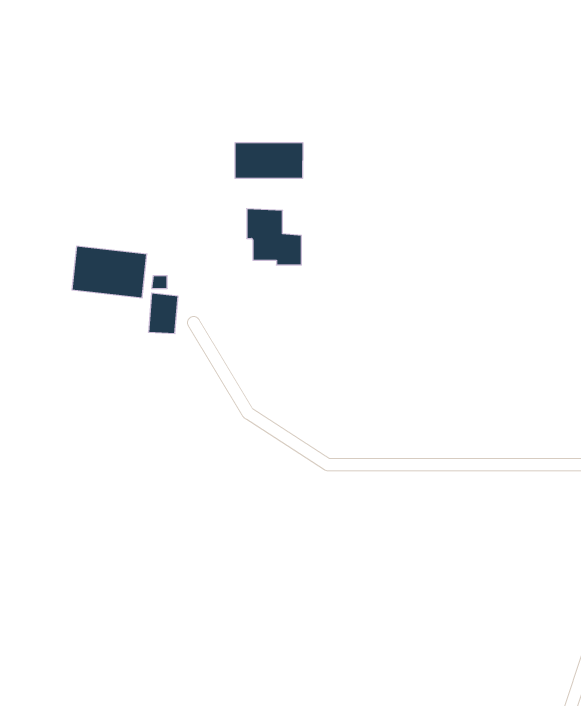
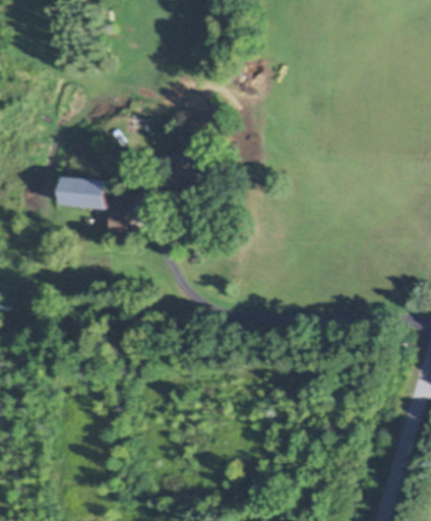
building: [235,143,303,178] -> none

